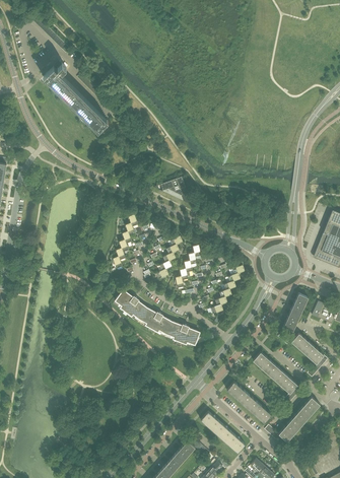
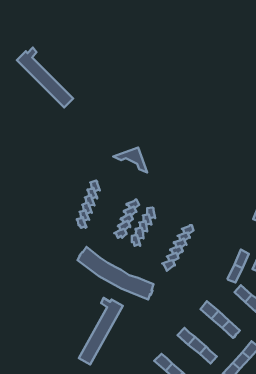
building: none -> [79,298,123,364]

